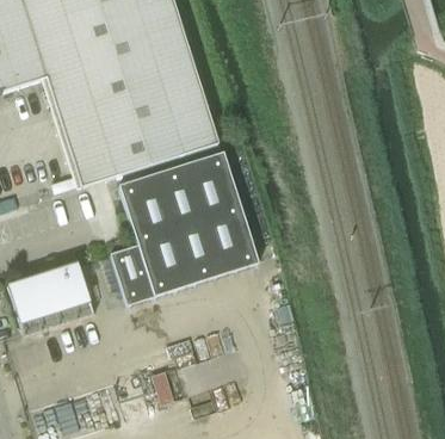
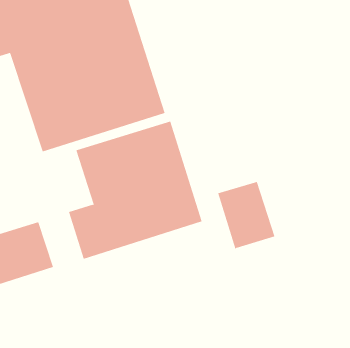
building: none -> [218,181,275,250]

